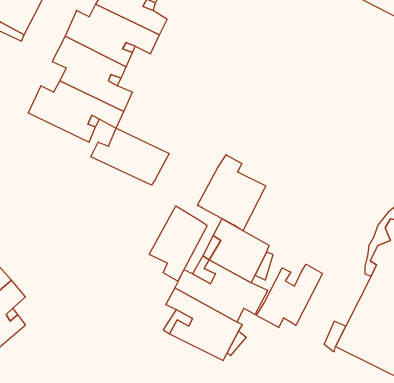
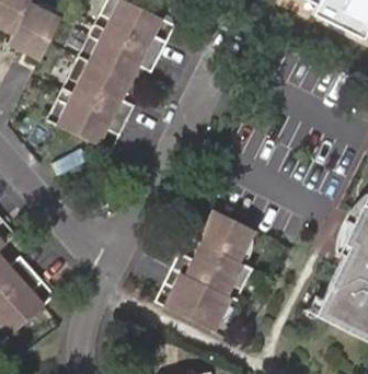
building: [91,128,169,185] -> none
building: [197,155,266,231] -> none
building: [149,206,207,281] -> none
building: [256,264,322,328] -> none

